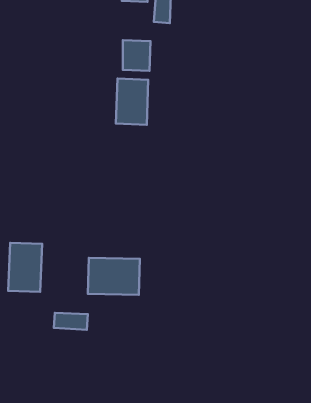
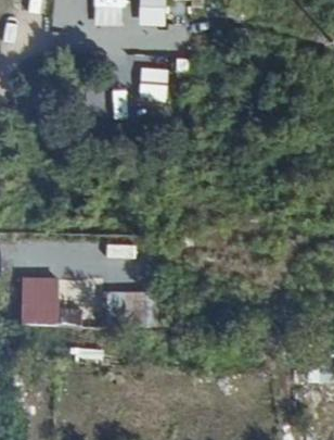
building: [116,78,148,125] -> none

